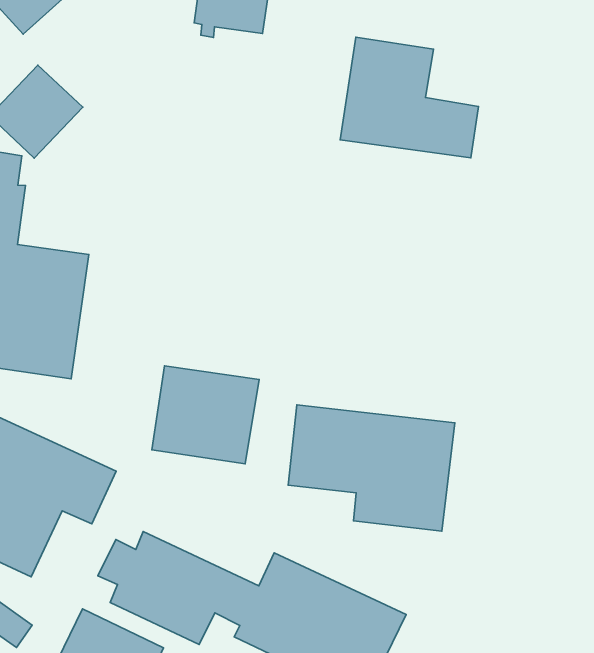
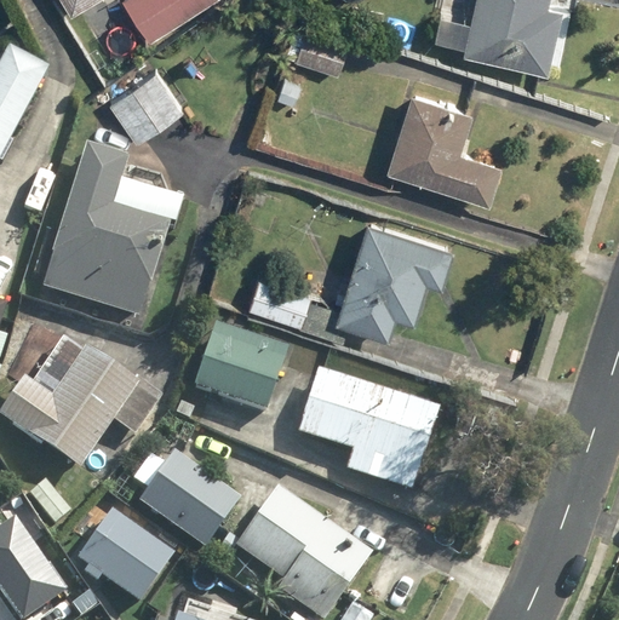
building: none -> [247,217,454,338]

